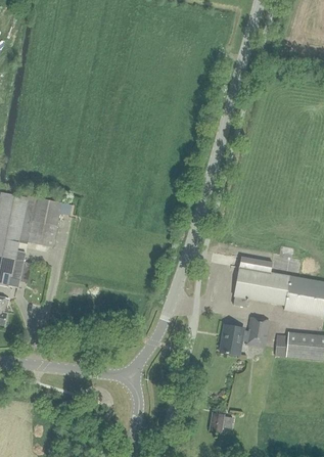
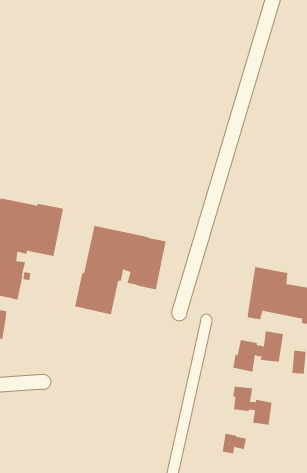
building: none -> [75,225,166,315]
building: none -> [233,386,272,425]

